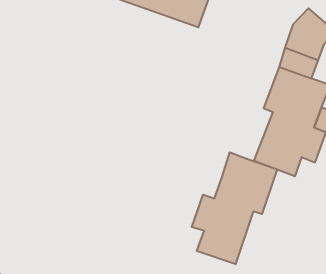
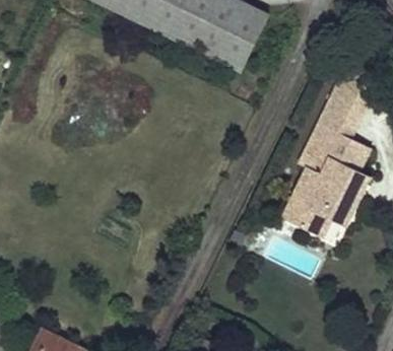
building: [192,152,277,264] -> none

